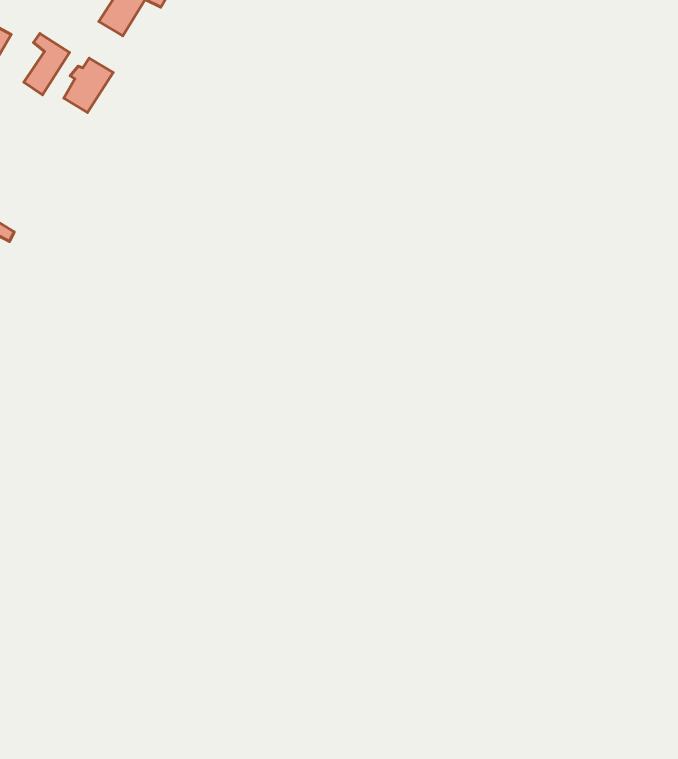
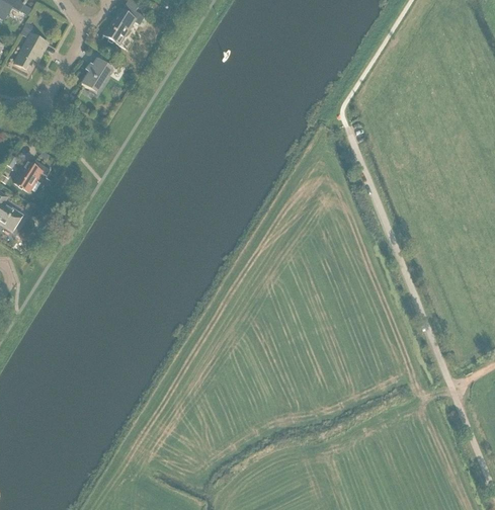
building: [24,34,70,95] -> none

